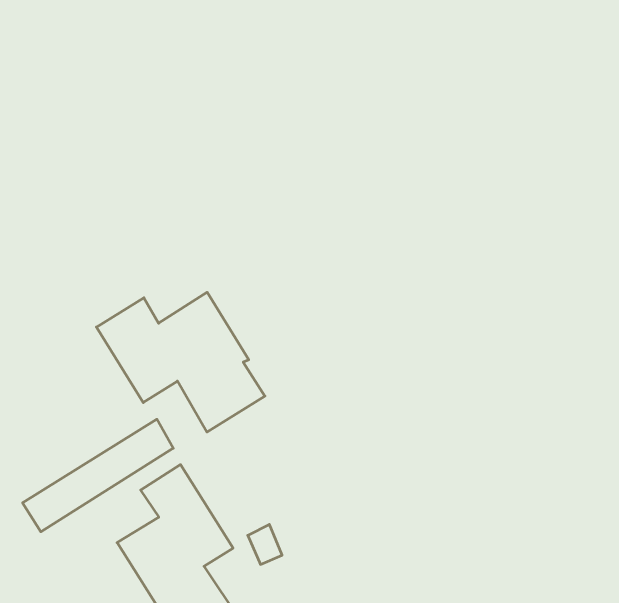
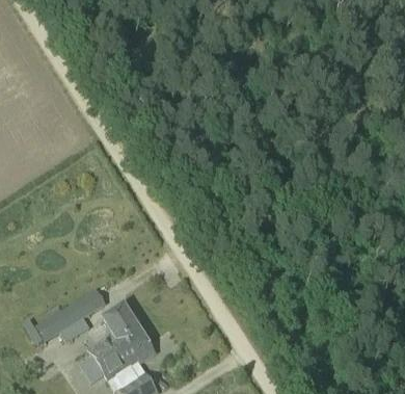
building: [96,292,265,432] -> none

